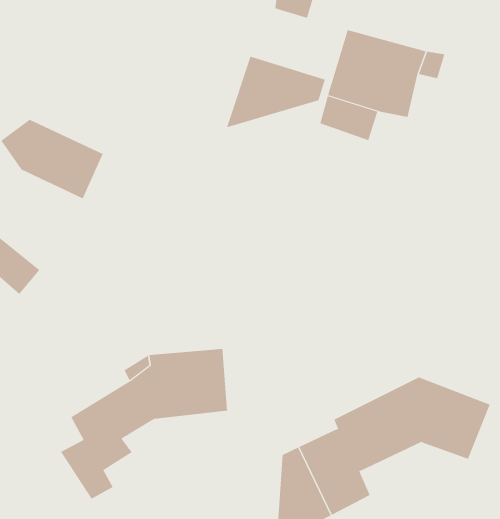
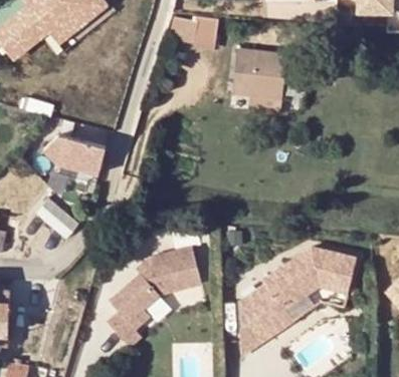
building: [226,56,325,128] -> none

